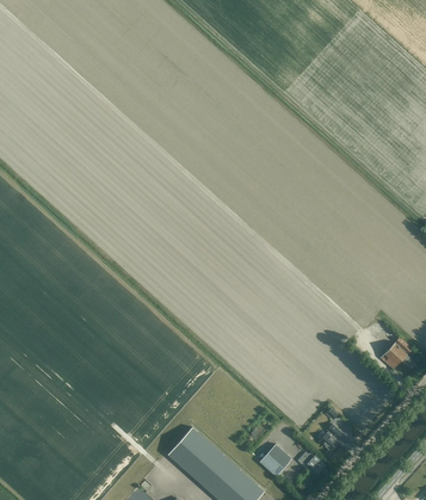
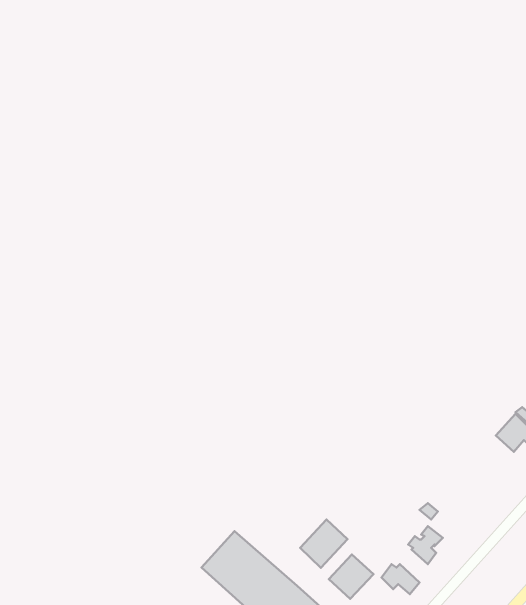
building: none -> [300,520,347,568]

